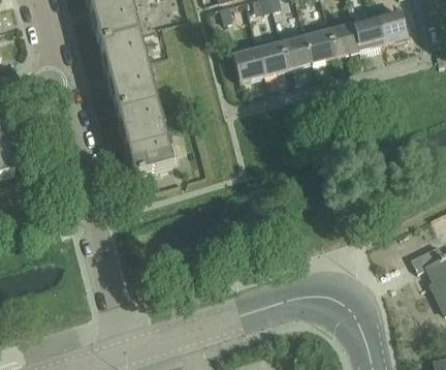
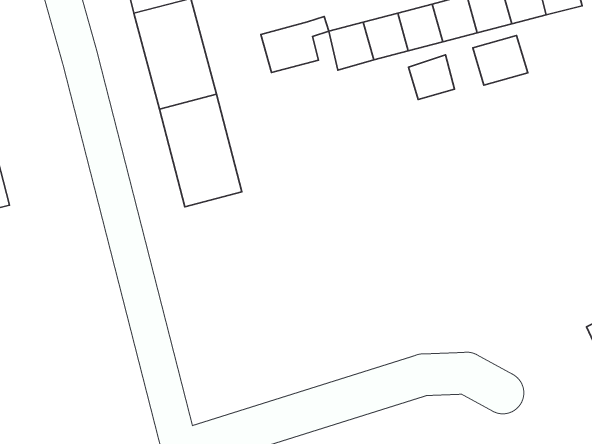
building: none -> [261,17,329,73]
building: none -> [473,35,528,85]
building: none -> [408,55,455,100]

